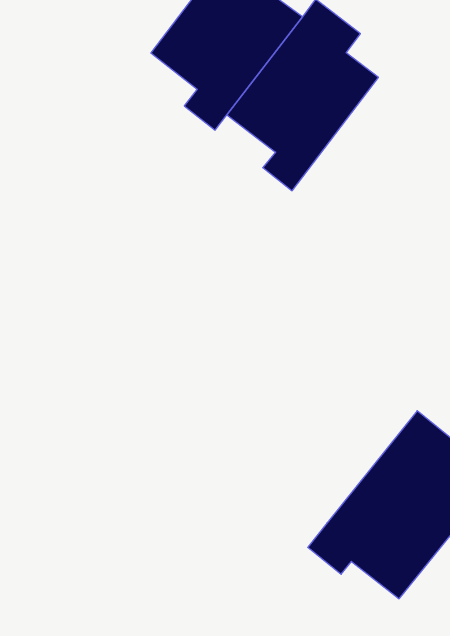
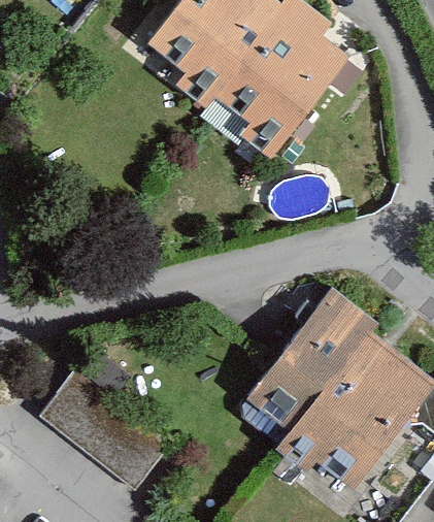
building: none -> [256,293,376,424]
building: none -> [41,370,172,490]

